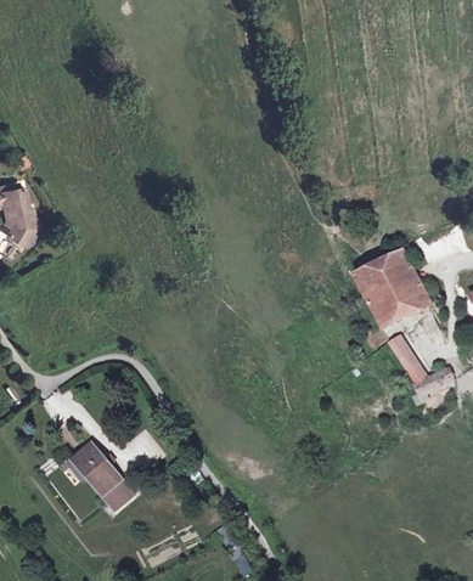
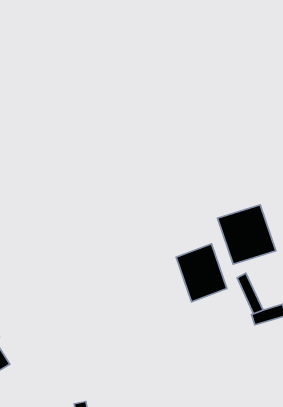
building: none -> [176,244,227,302]

